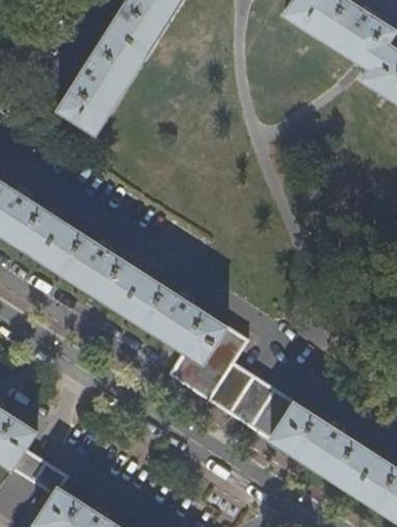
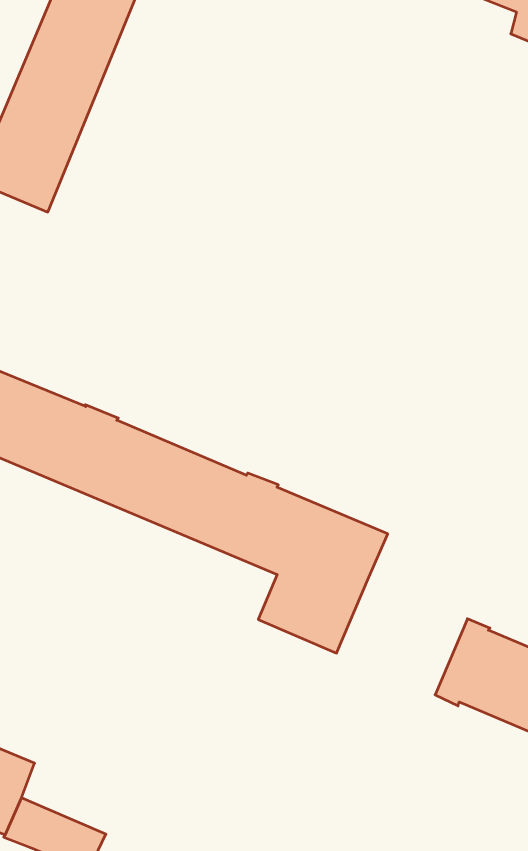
building: [209,362,283,432] -> none

